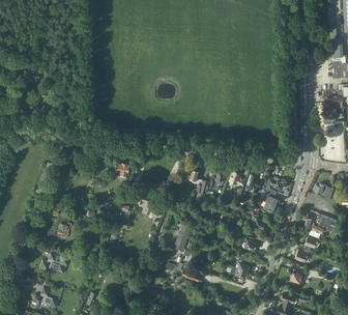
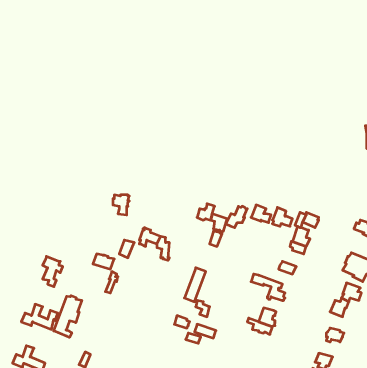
building: none -> [54,296,82,337]

